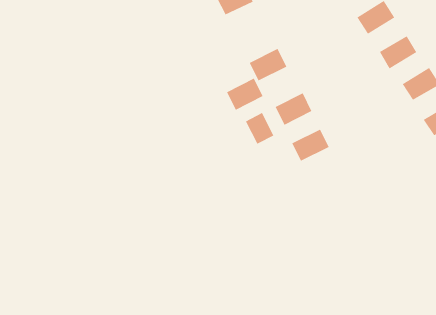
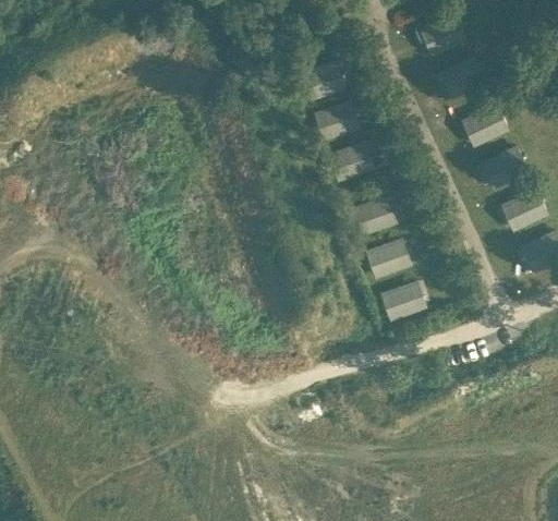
building: [226,78,264,111] -> [316,102,359,137]
building: [245,112,274,145] -> none
building: none -> [383,282,426,317]

